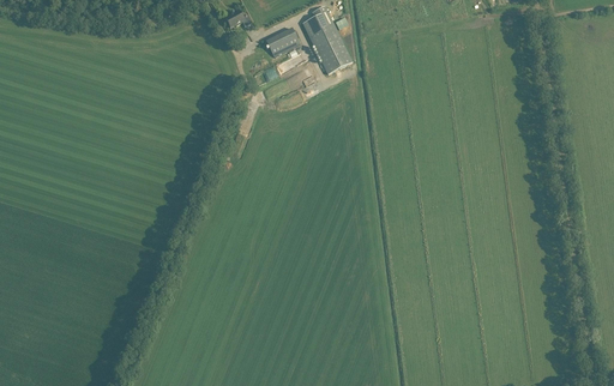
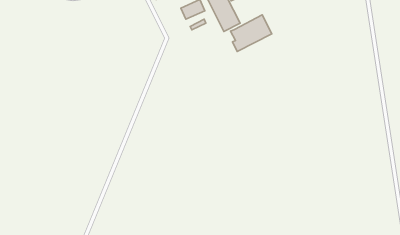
building: none -> [230,15,272,51]

